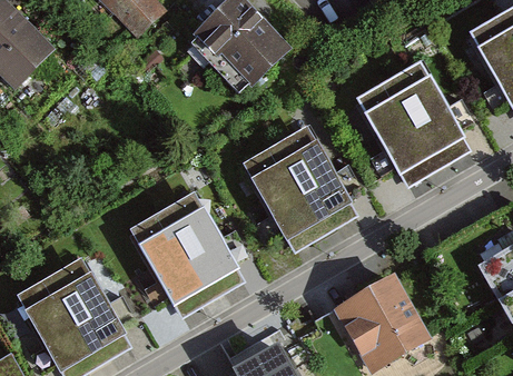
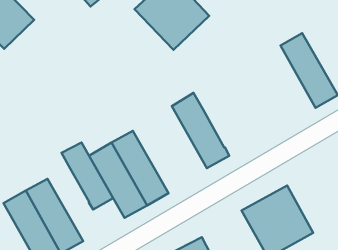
building: [358,82,435,182] -> none
building: [272,130,349,230] -> none
building: none -> [61,143,113,210]

